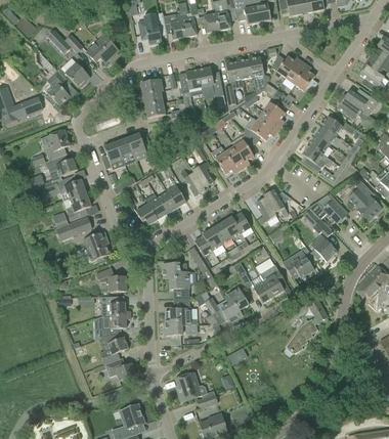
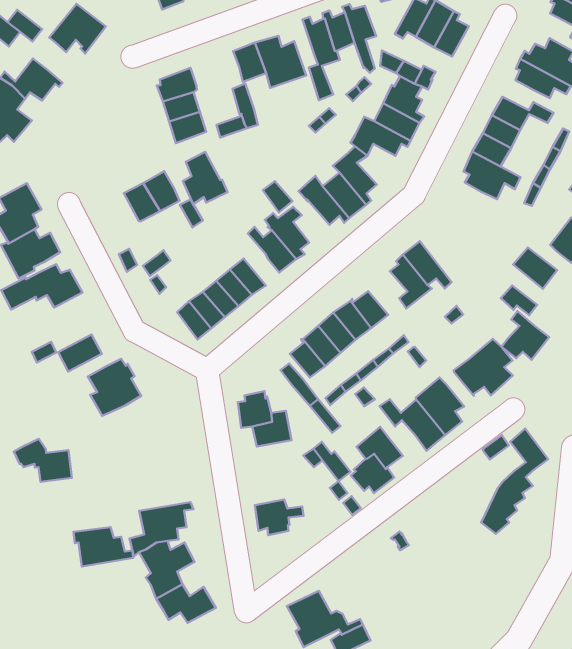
building: [101,141,125,169] -> [183,152,227,204]
building: [67,192,91,220] -> none
building: [96,267,126,291] -> [14,439,72,482]
building: [99,296,130,315] -> [73,527,133,567]
building: [165,308,197,324] -> none

